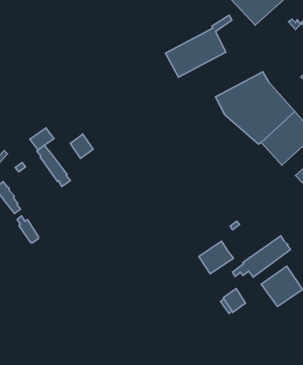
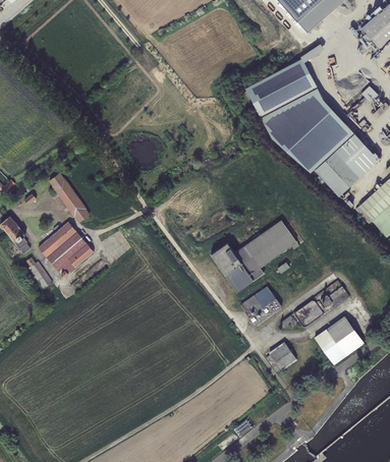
building: [165,15,232,77] -> [245,43,324,116]
building: [30,128,54,150] -> none
building: [70,134,93,158] -> none
building: none -> [212,220,299,291]
building: none -> [39,221,95,278]

